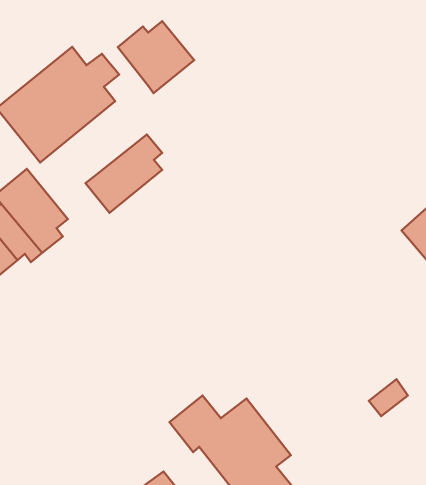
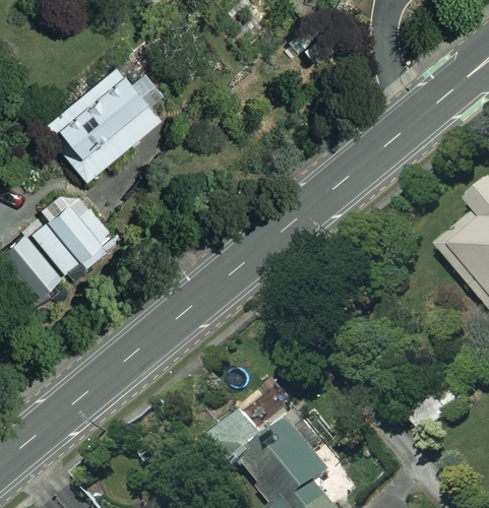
building: [118,21,194,93] -> none
building: [85,135,162,213] -> none

